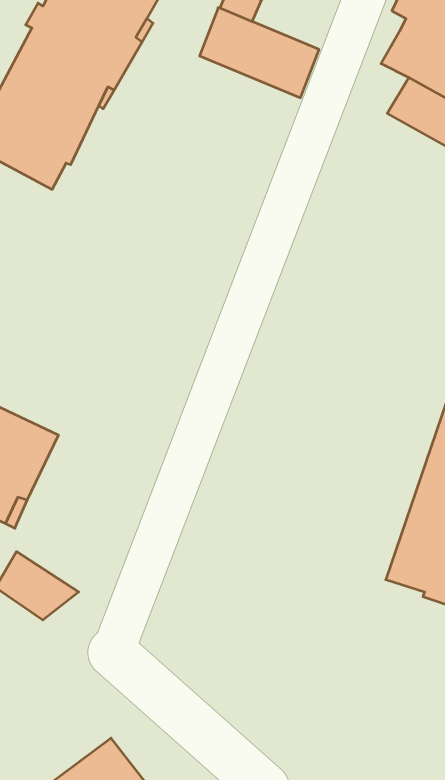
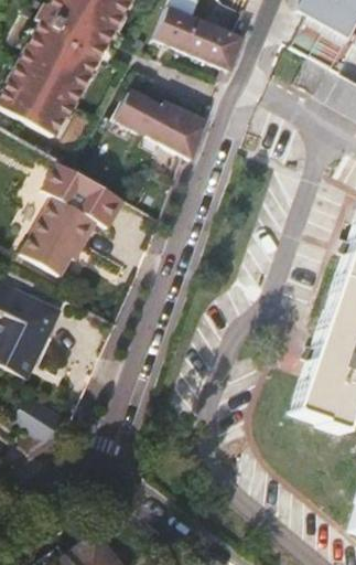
building: none -> [116,89,206,158]
building: none -> [24,158,126,273]

